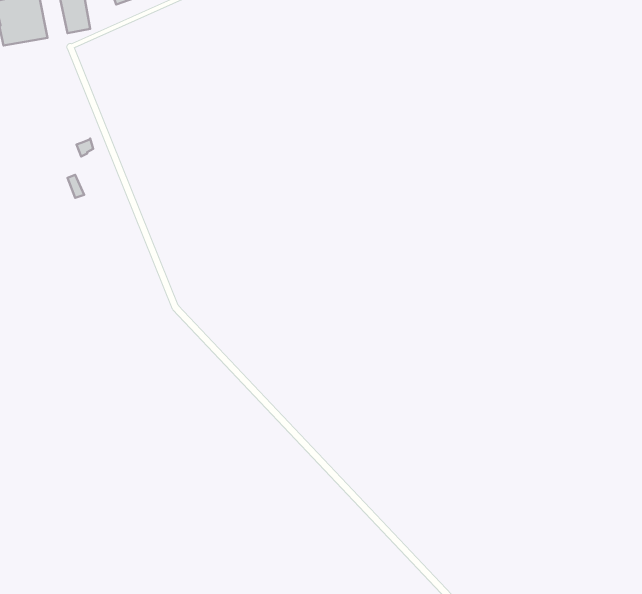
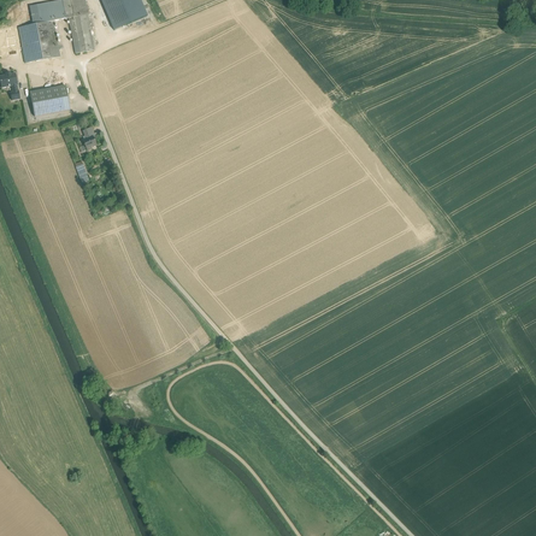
building: none -> [29,83,69,114]

